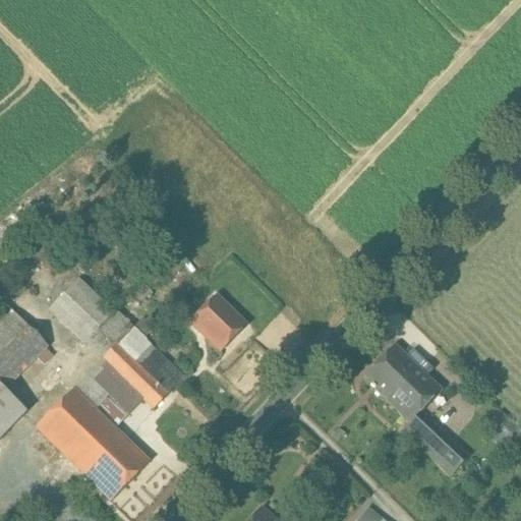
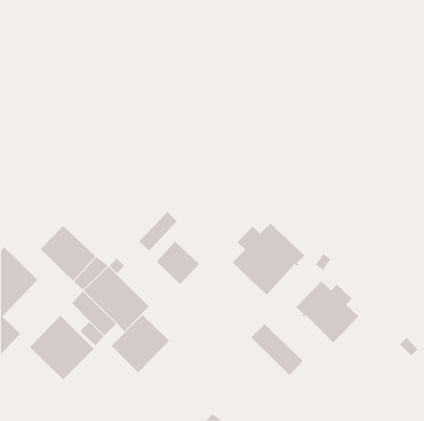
building: none -> [138,211,177,252]
building: none -> [232,223,305,295]
building: [402,410,467,474] -> [250,323,303,376]
building: [77,427,150,500] -> [111,314,170,373]

